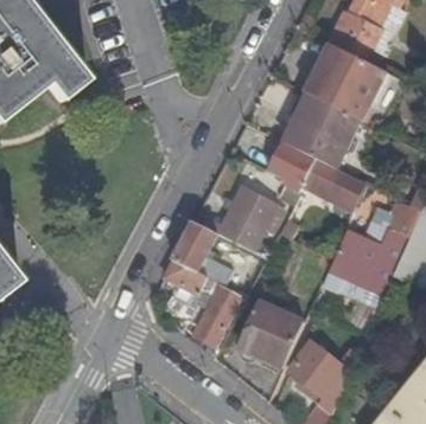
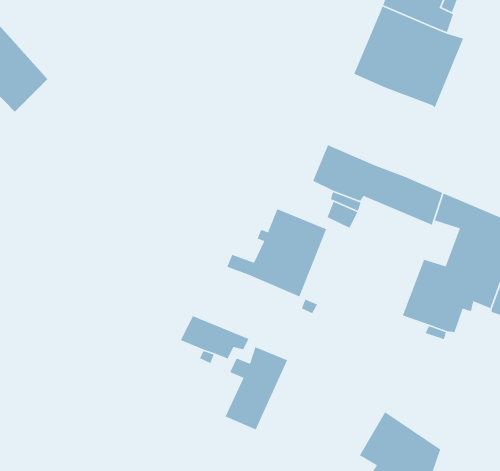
building: [282,95,361,167] -> none
building: [174,219,234,282] -> none
building: [241,301,304,365] -> none

